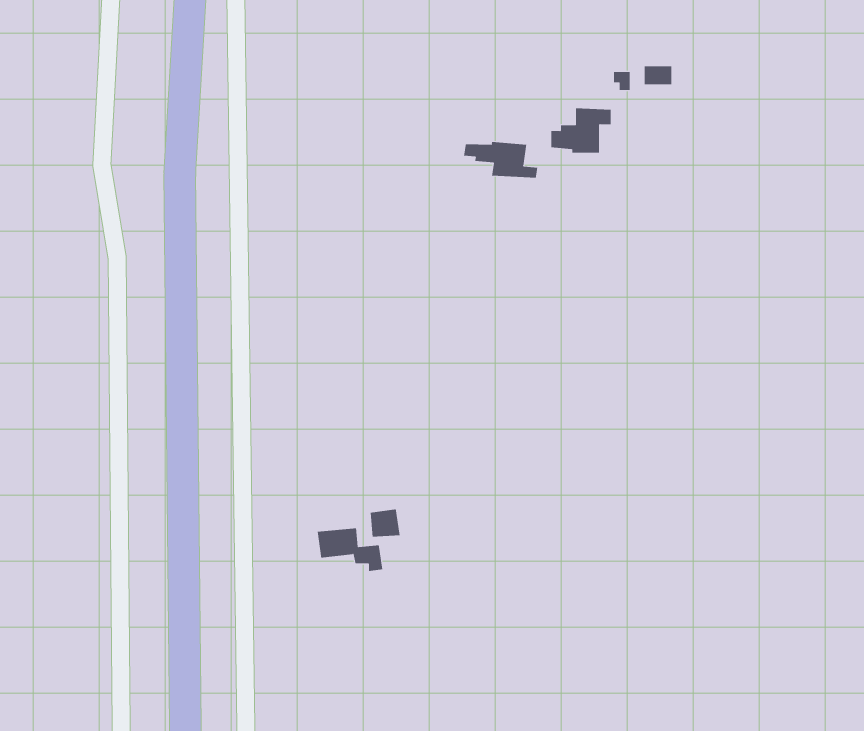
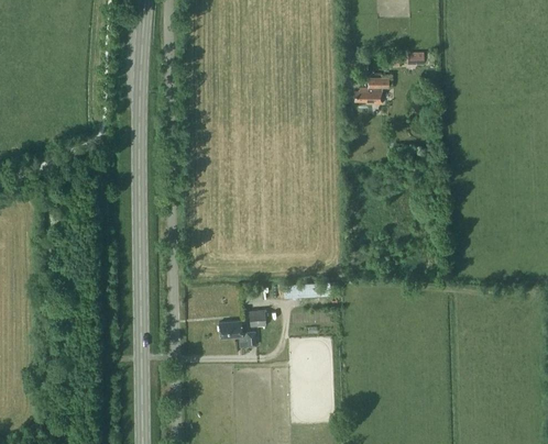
building: [464,141,538,178] -> none

